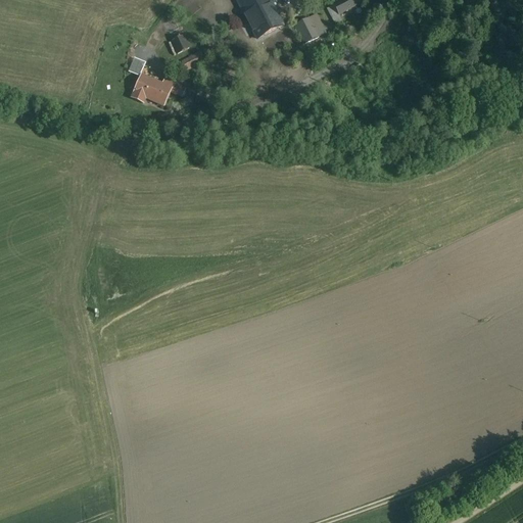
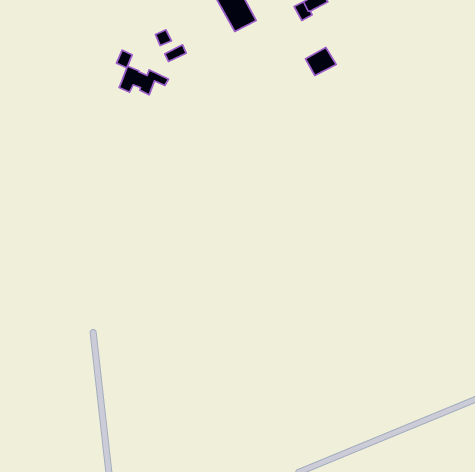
building: [293,11,327,42] -> [305,48,336,76]

